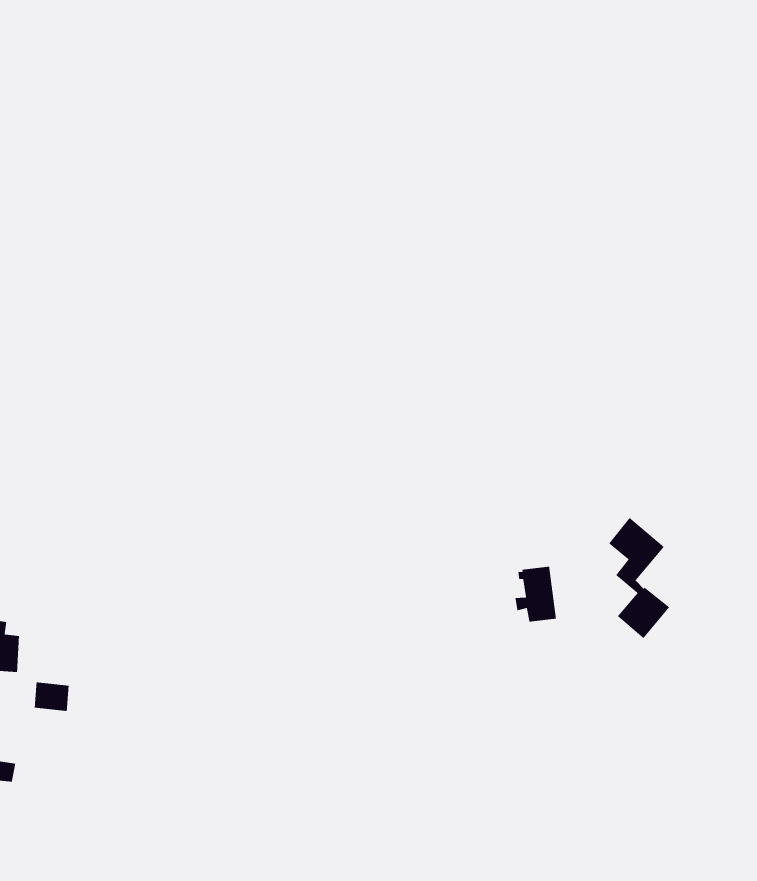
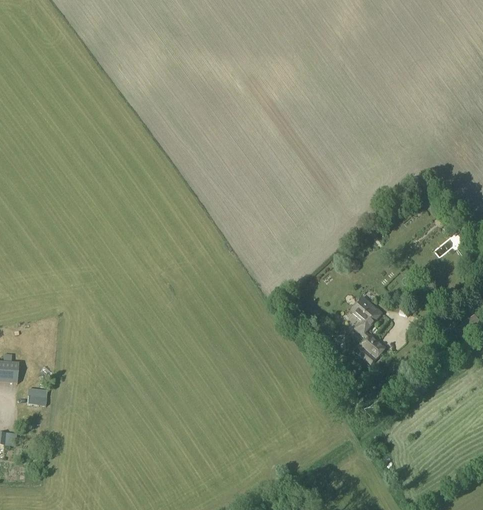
building: [514,566,557,623] -> none

